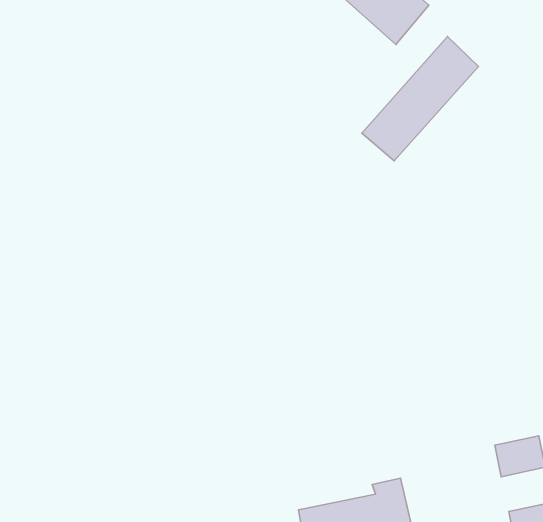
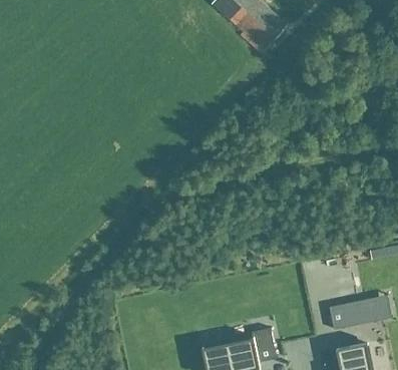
building: [362,37,478,161] -> none

